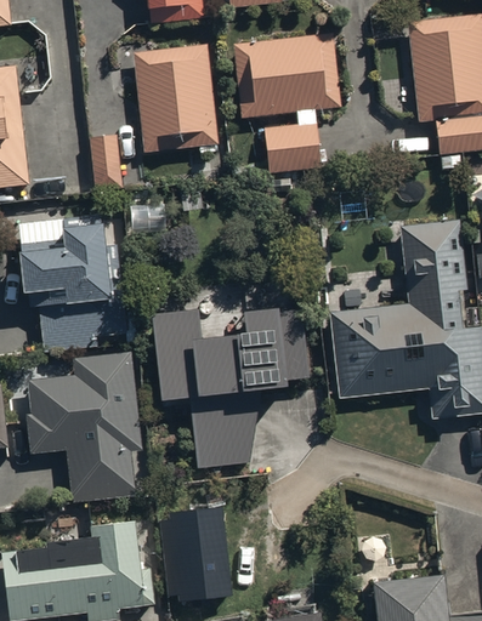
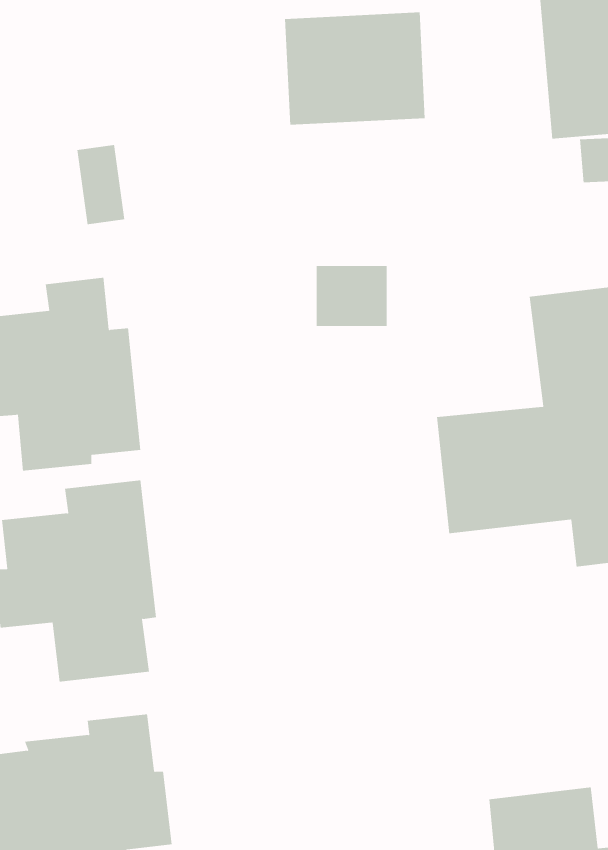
building: [136,46,211,149] -> none
building: [260,127,310,170] -> [316,266,387,327]
building: [151,295,311,465] -> none
building: [161,506,236,600] -> none

